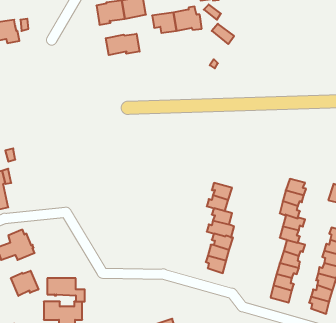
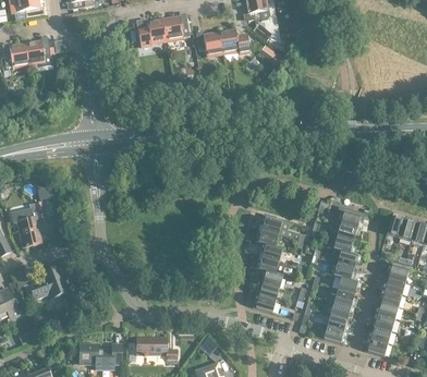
building: [106,34,140,55] -> none
building: [11,271,38,296] -> none
building: [47,278,85,302] -> [136,336,176,361]

